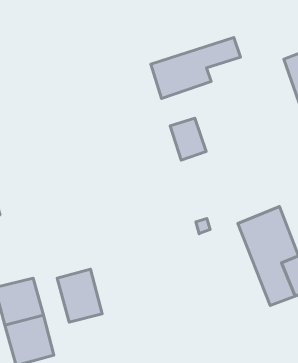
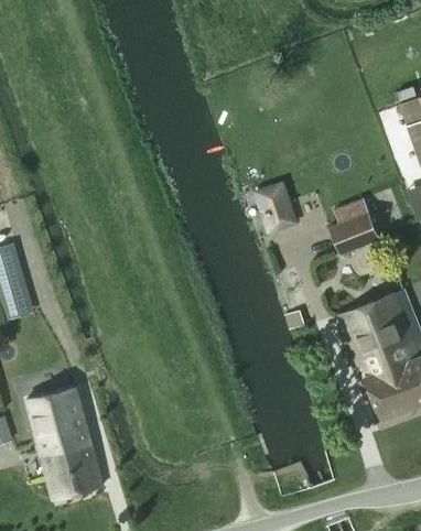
building: [151,37,241,98] -> none
building: none -> [330,198,379,254]
building: [57,269,102,322] -> none

